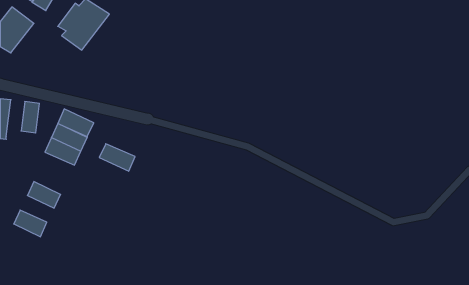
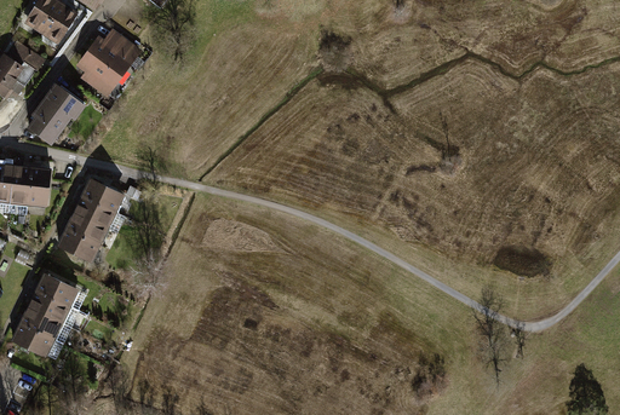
building: none -> [28,82,87,143]
building: none -> [8,162,33,213]
building: [99,144,135,171] -> [51,231,98,267]
building: none -> [27,288,71,323]
building: none -> [10,325,53,361]

